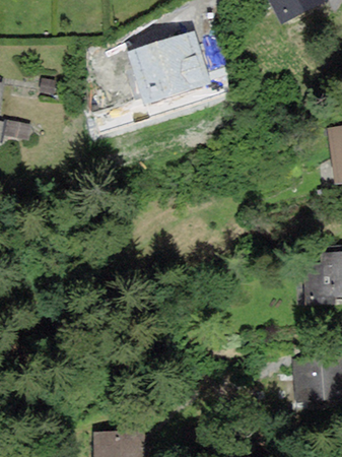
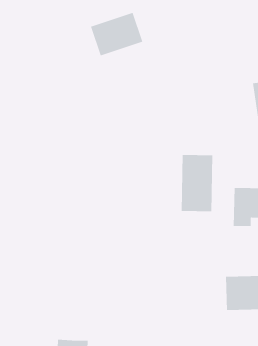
building: none -> [181,154,213,212]

